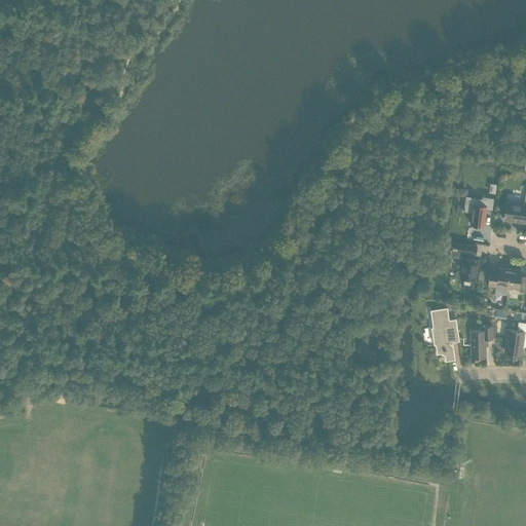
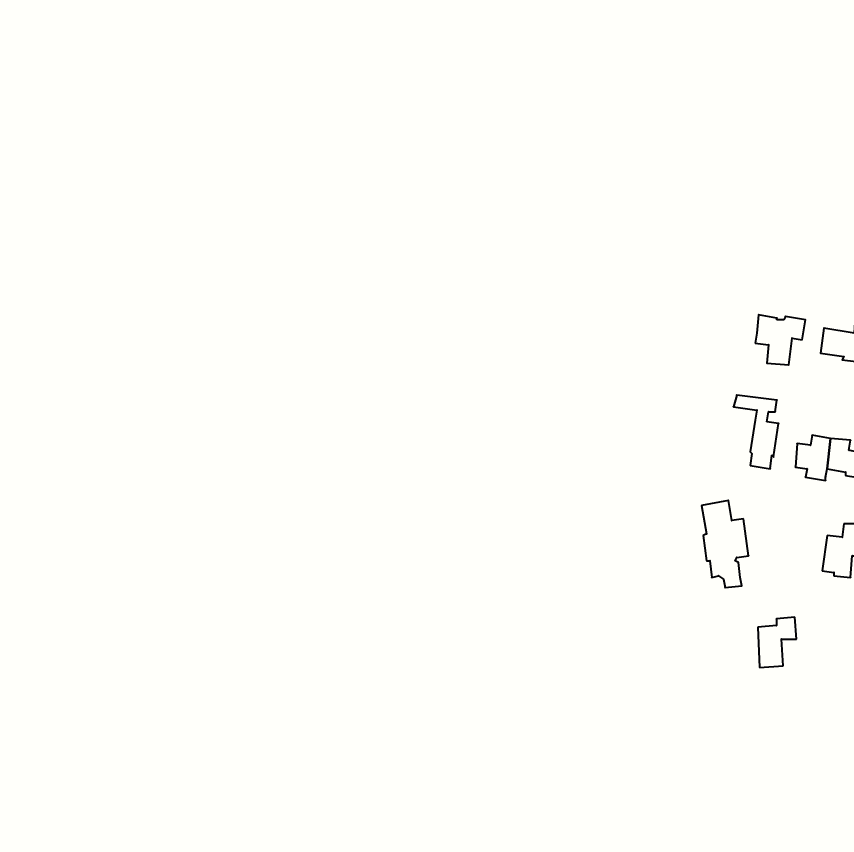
building: [472,327,495,358] -> [758,617,796,667]

